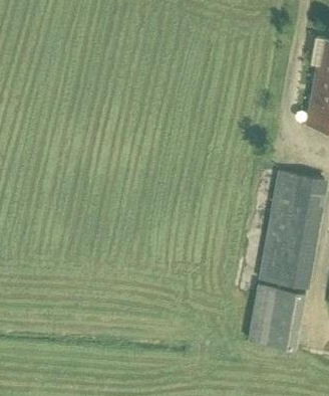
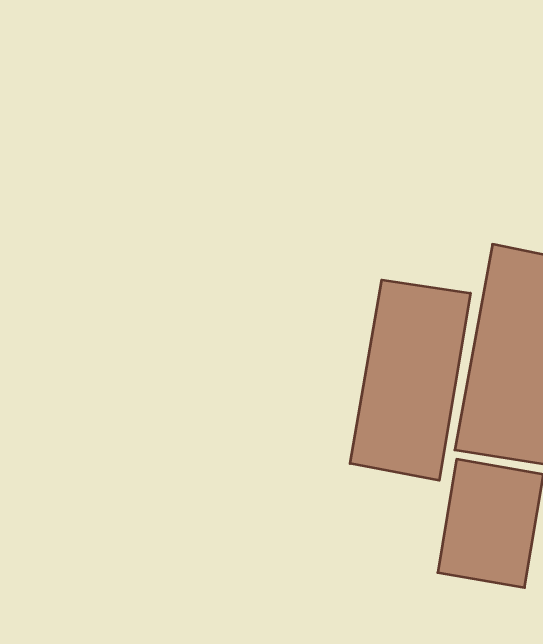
building: none -> [350,280,470,480]

